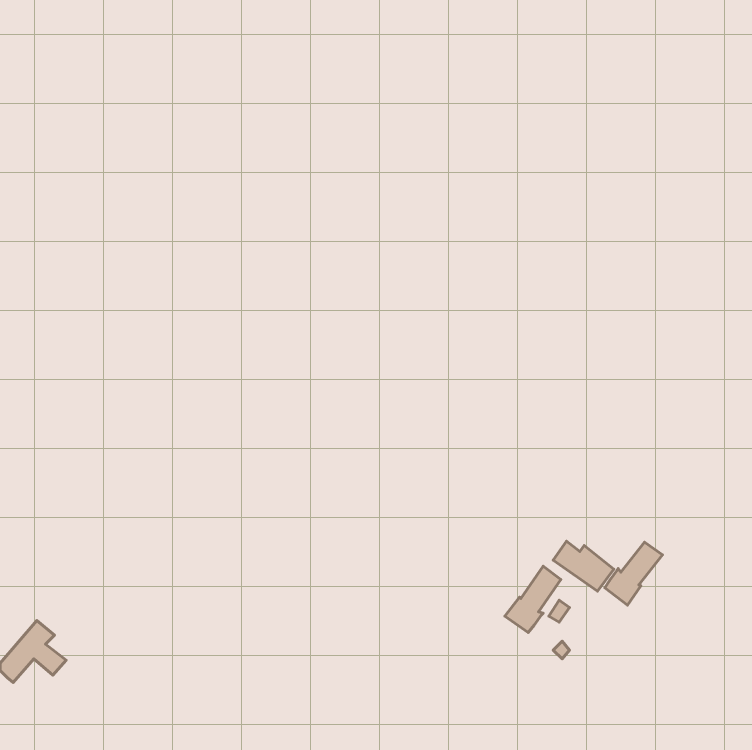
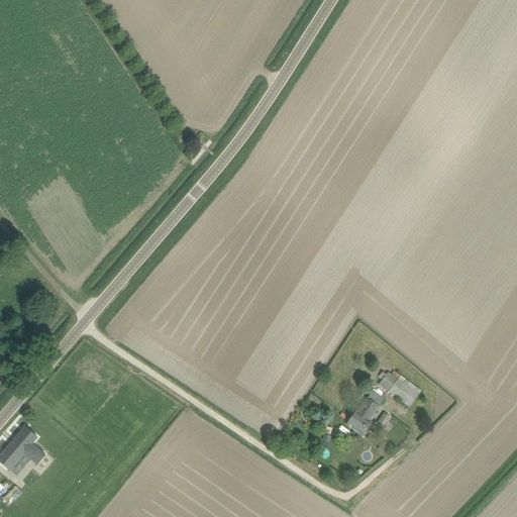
building: [605,542,663,605] -> none

